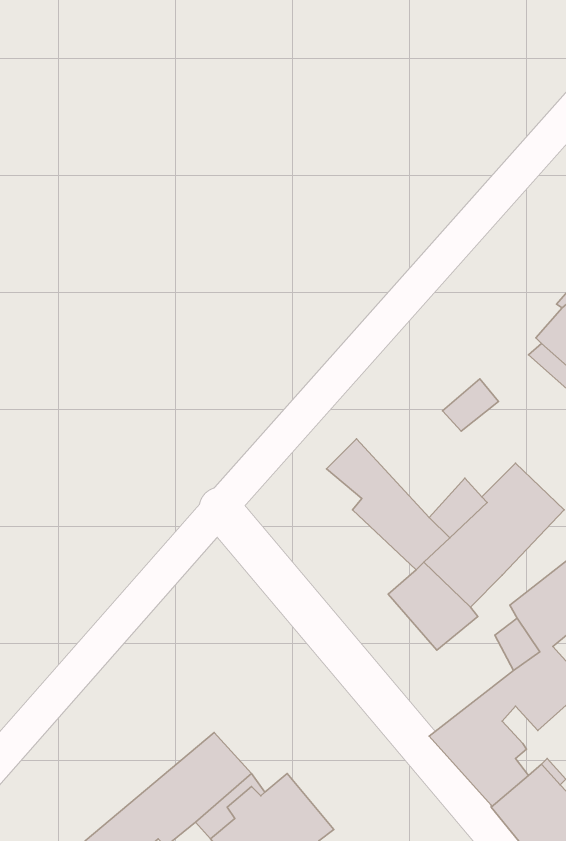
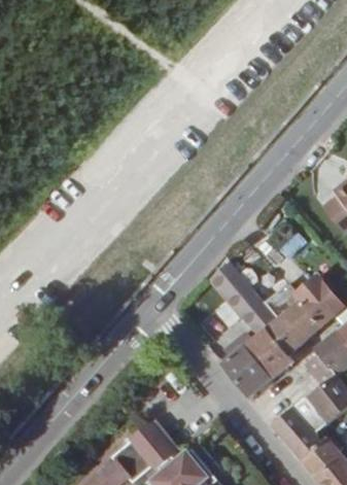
building: none -> [223,342,273,397]

